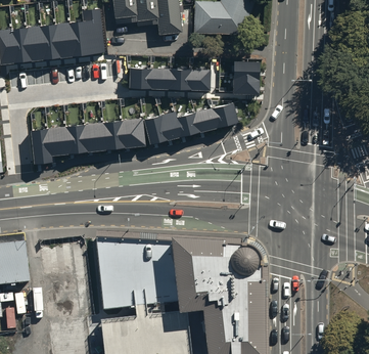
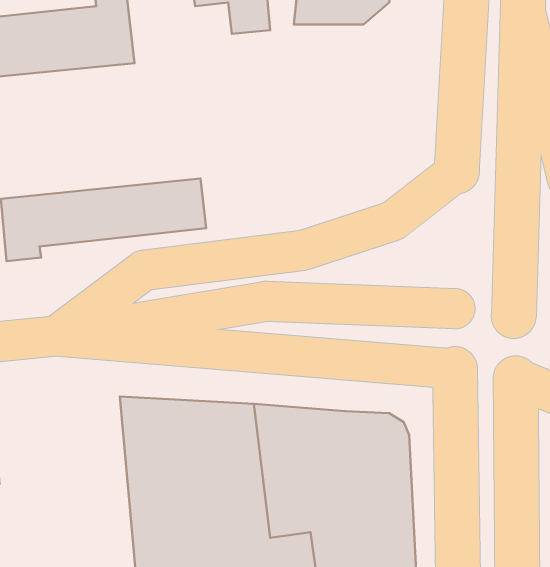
building: [231,58,259,94] -> none
building: [128,67,210,91] -> none
building: [142,102,237,143] -> none

